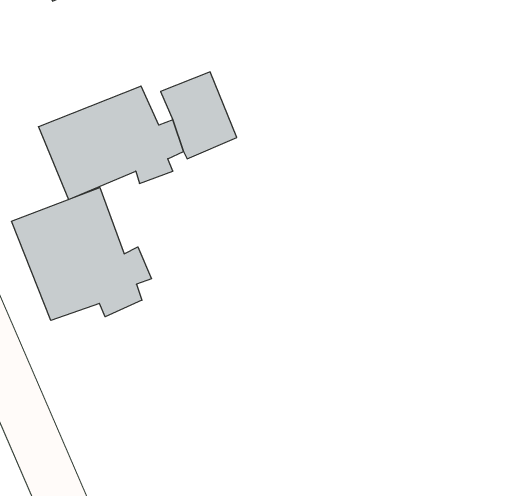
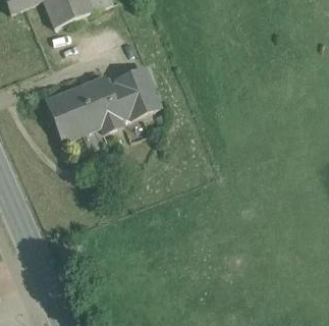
building: [12,187,152,320] -> none

